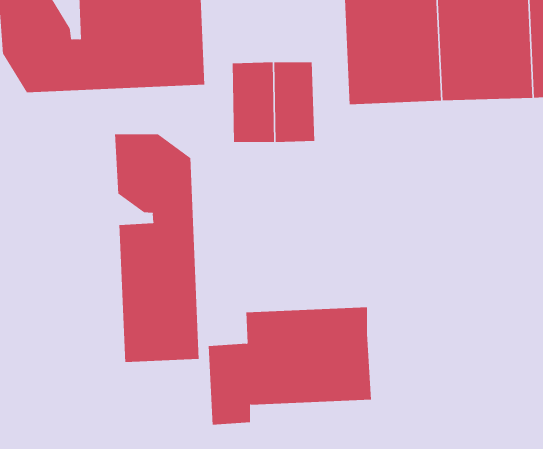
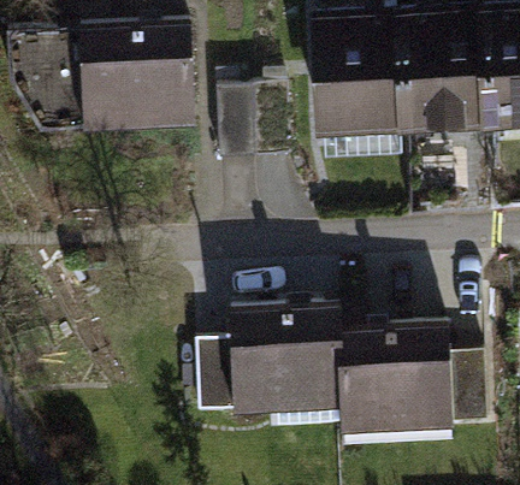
building: [114,133,199,363] -> none
building: none -> [339,332,488,431]

